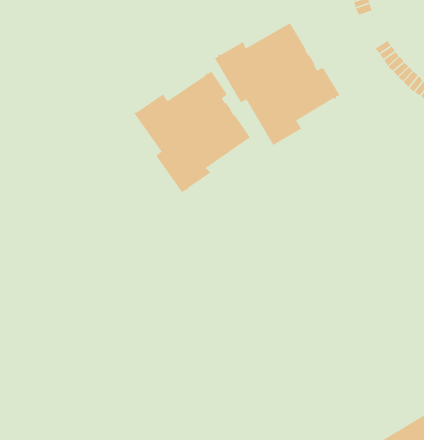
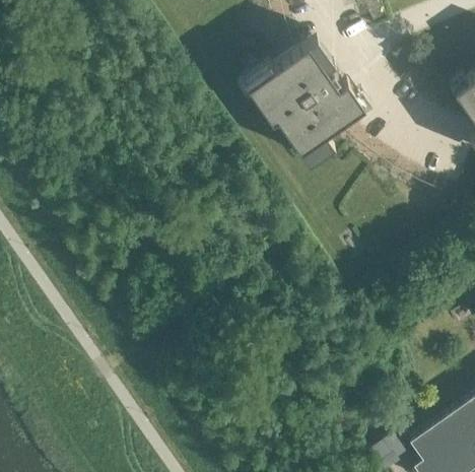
building: [133,71,251,193] -> none

